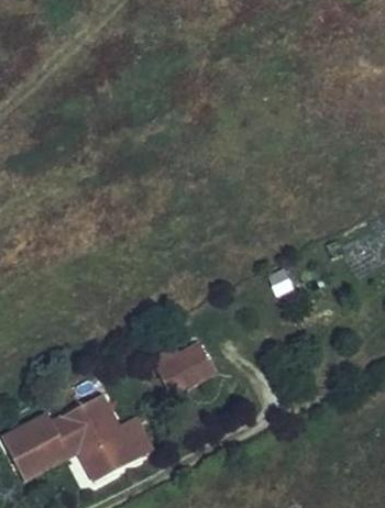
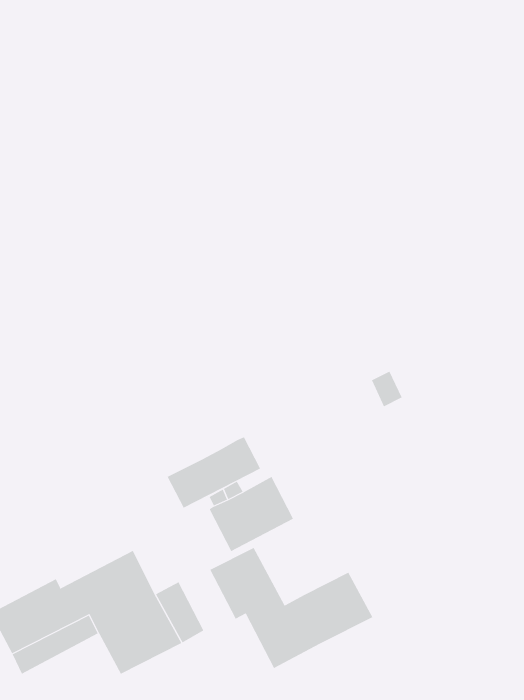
building: none -> [167,437,261,509]
building: none -> [210,547,373,669]

